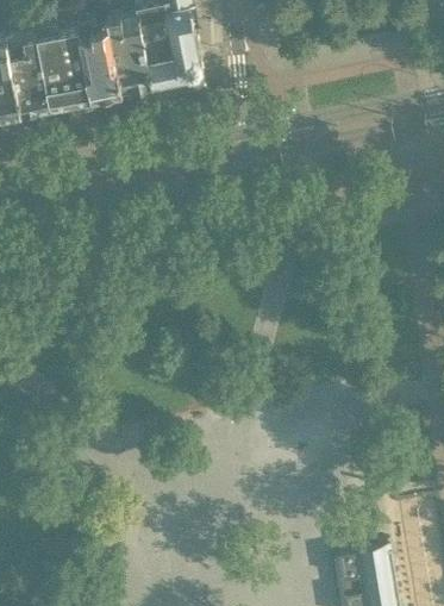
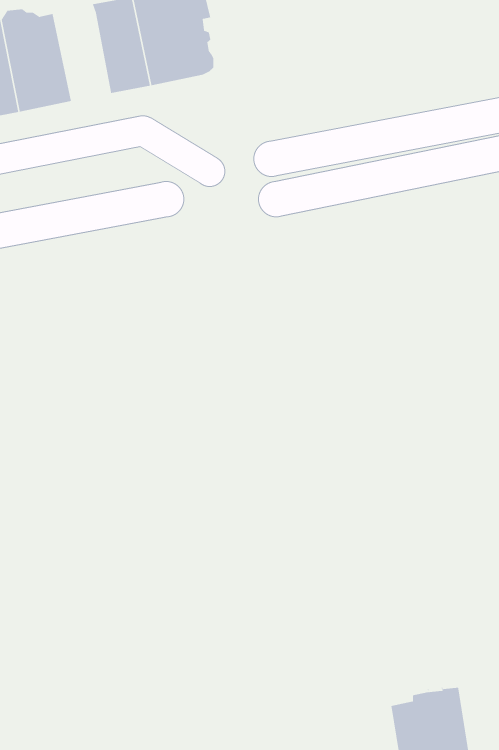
building: [75,32,119,104] -> none

